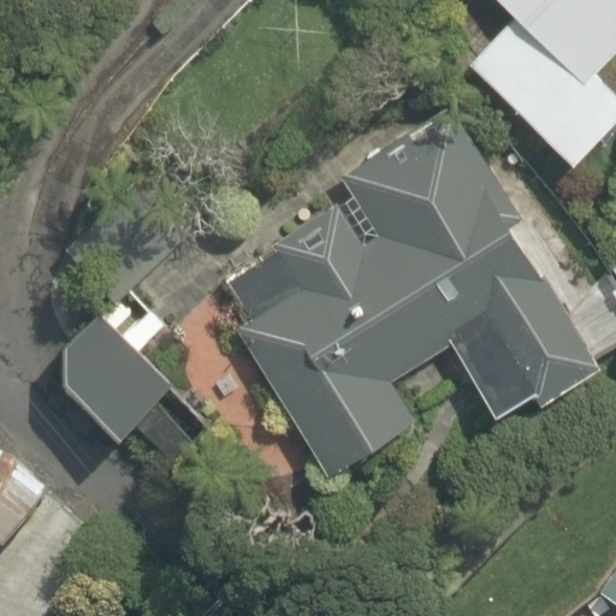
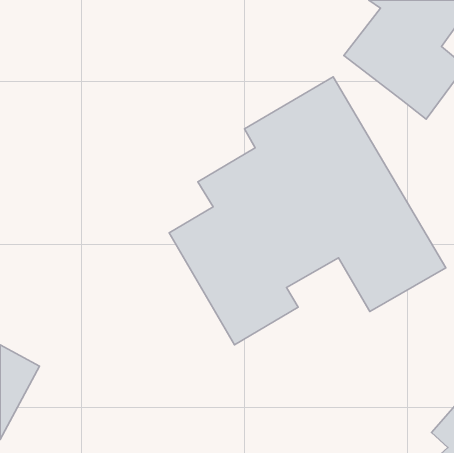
building: [45,308,173,439] -> none

